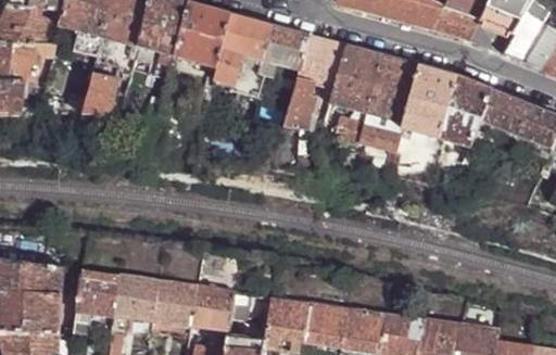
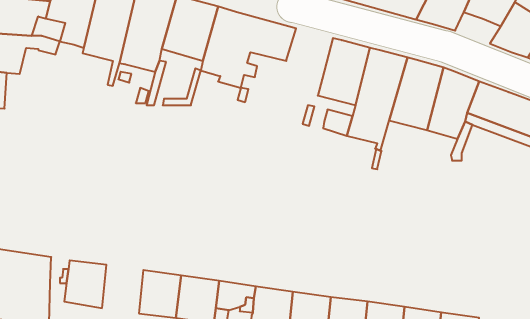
building: [283,36,345,130] -> none
building: [80,72,115,116] -> none
building: [114,272,155,321] -> none

